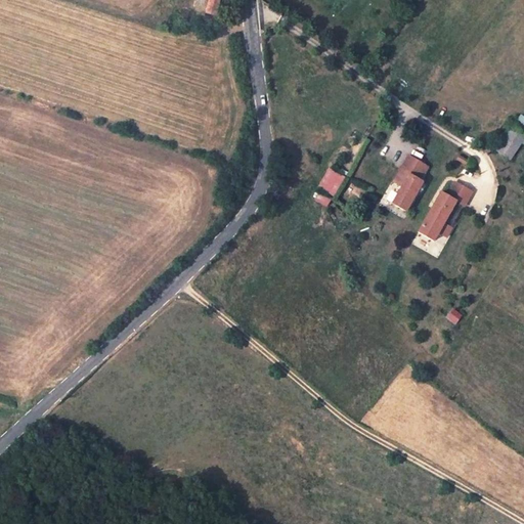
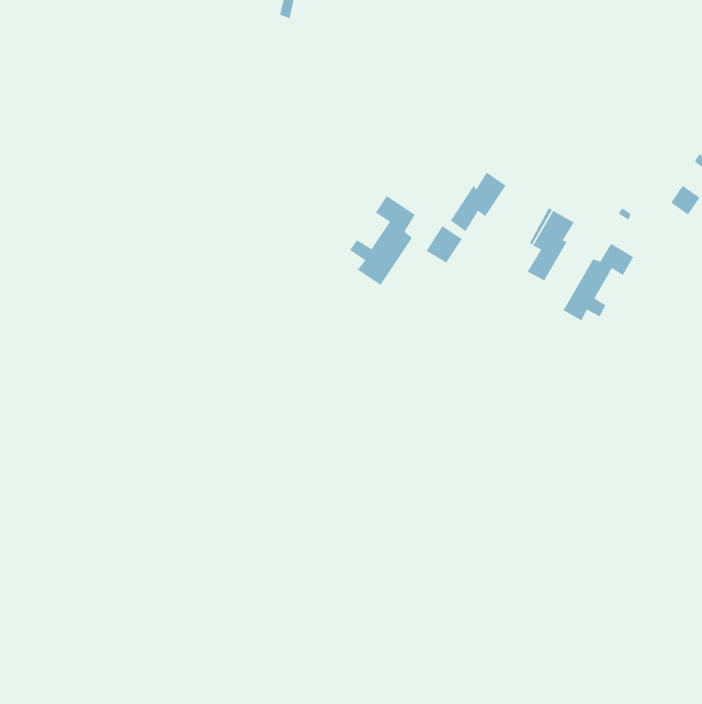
building: none -> [450,172,507,232]
building: none -> [349,195,416,286]

